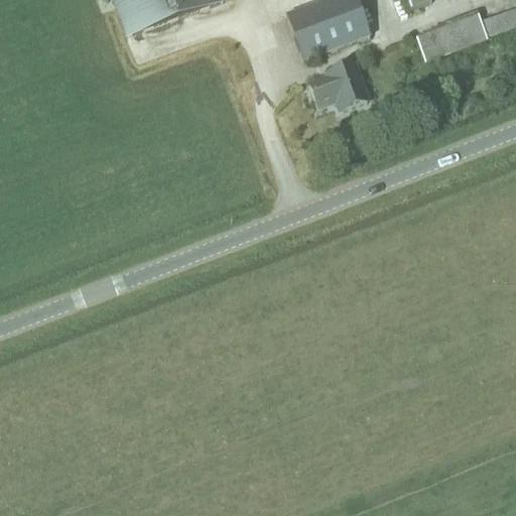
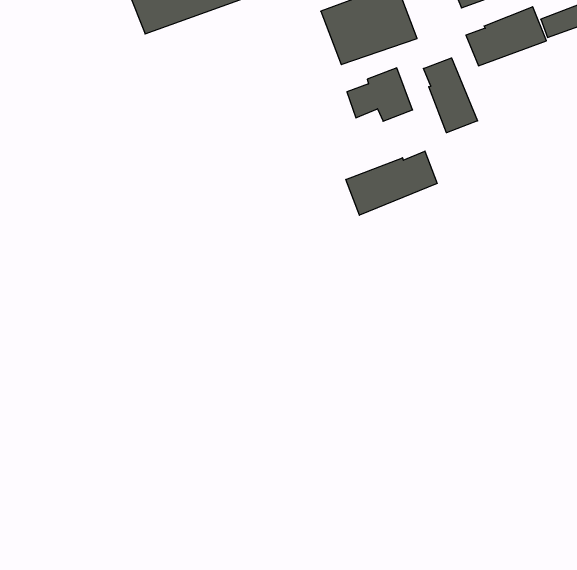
building: none -> [423,58,478,133]
building: none -> [346,151,437,215]

